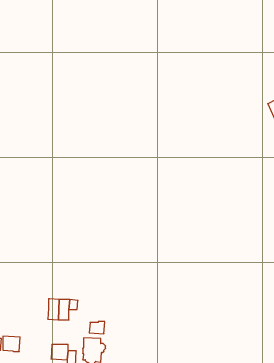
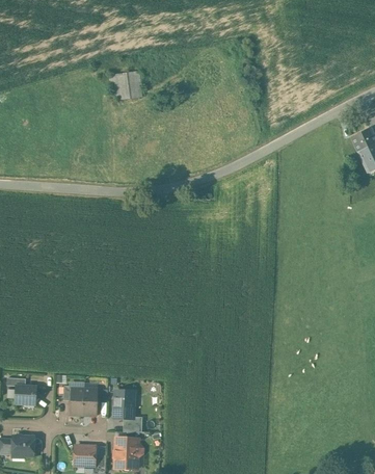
building: none -> [114,72,142,99]
building: none -> [15,384,36,403]
building: none -> [114,390,134,417]

